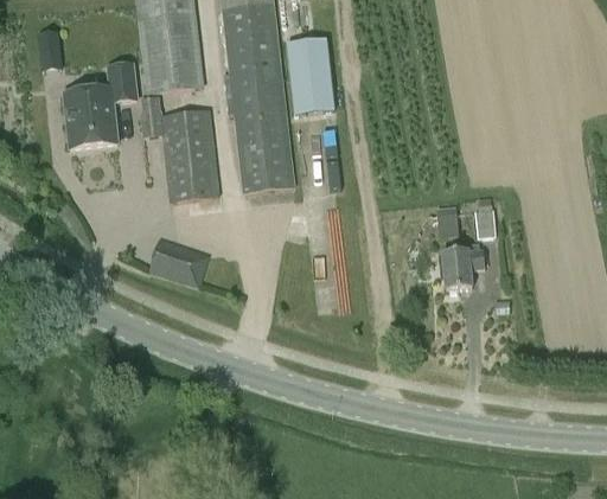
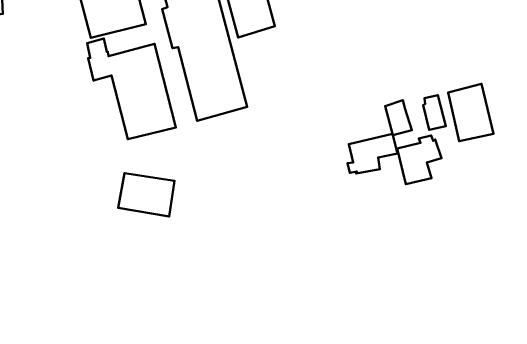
building: [62,62,140,149] -> none
building: none -> [448,84,494,141]
building: none -> [347,134,397,174]

